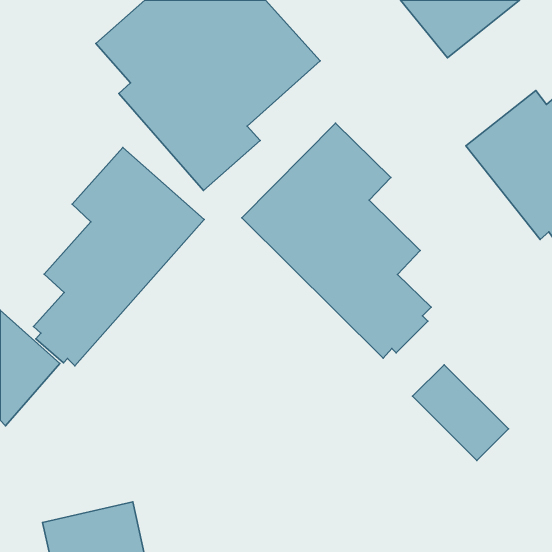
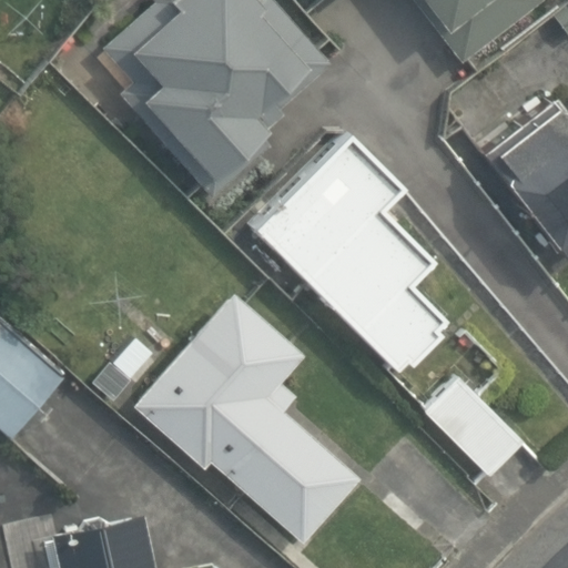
building: [33,147,204,366] -> none
building: none -> [135,292,358,540]

